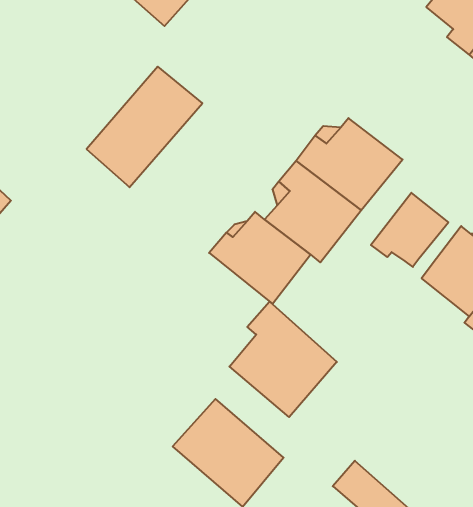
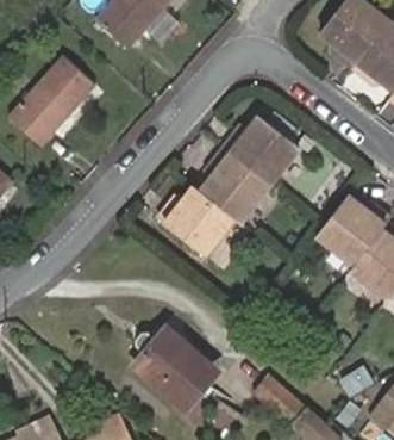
building: [87,67,202,187] -> [7,55,94,145]
building: [371,193,448,267] -> none
building: [229,301,337,417] -> none

